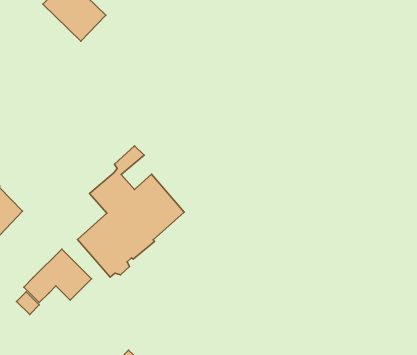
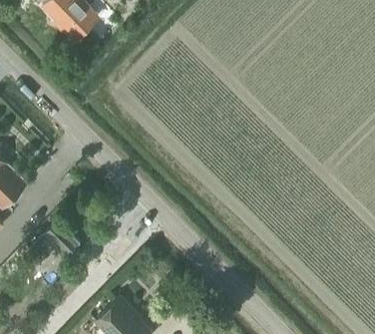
building: [78,146,184,277] -> none

